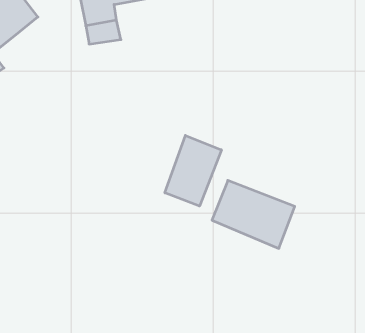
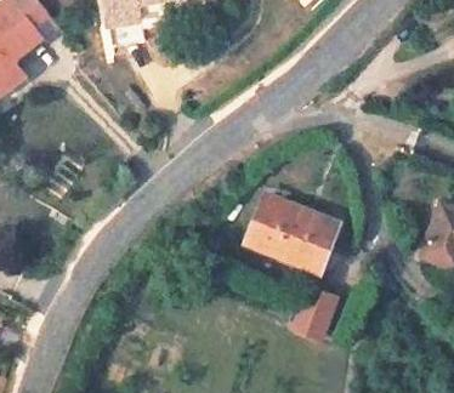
building: [165,135,221,206] -> none
building: none -> [291,287,335,340]

